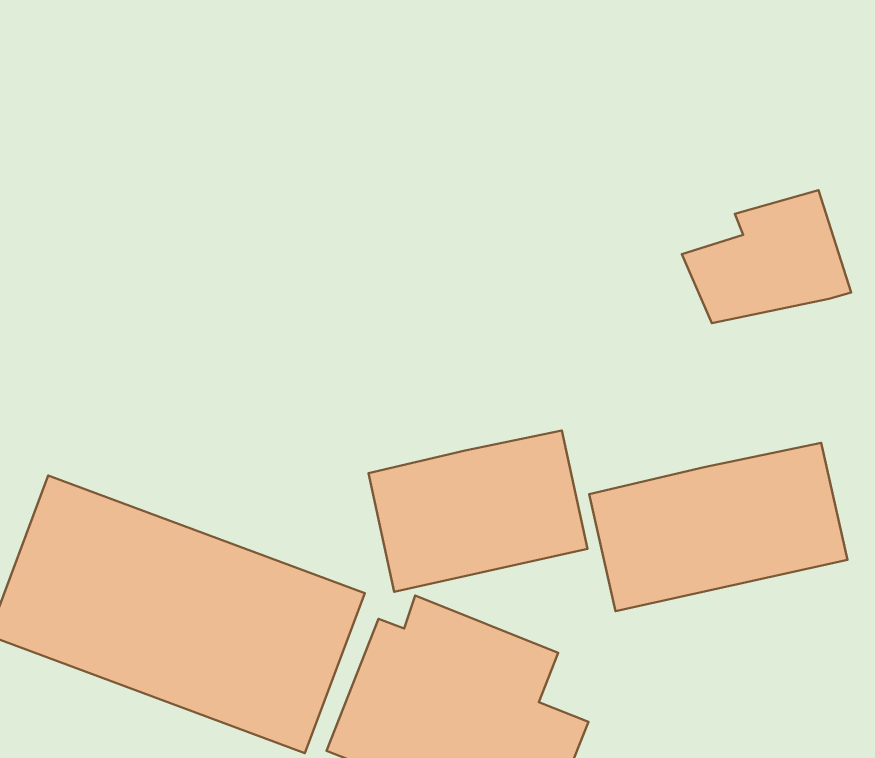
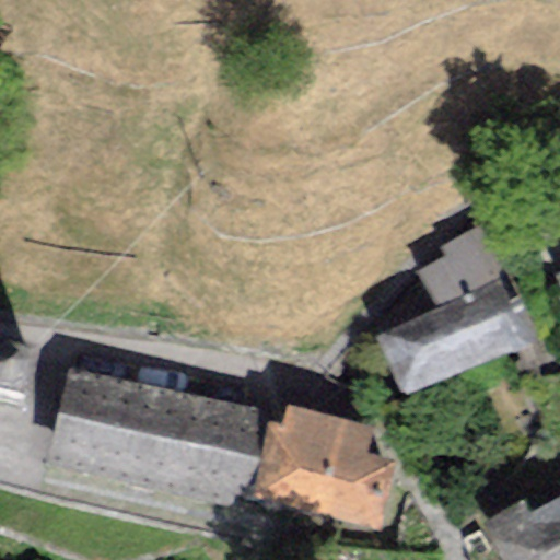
building: [682,190,851,323] -> [415,223,513,307]
building: [368,430,588,592] -> none

